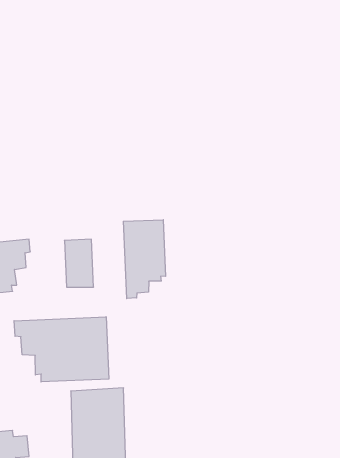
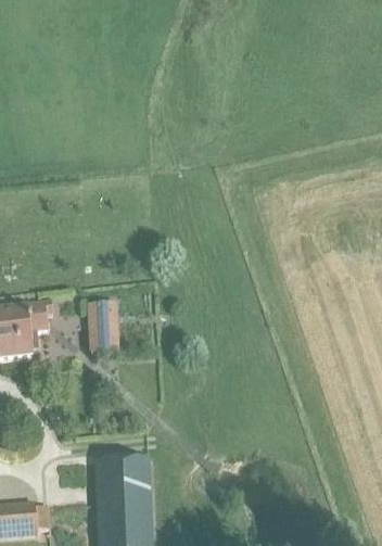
building: [123,220,166,299] -> none
building: [14,317,109,382] -> none

